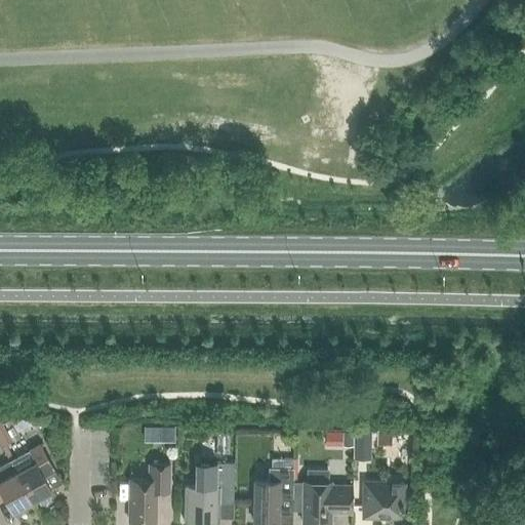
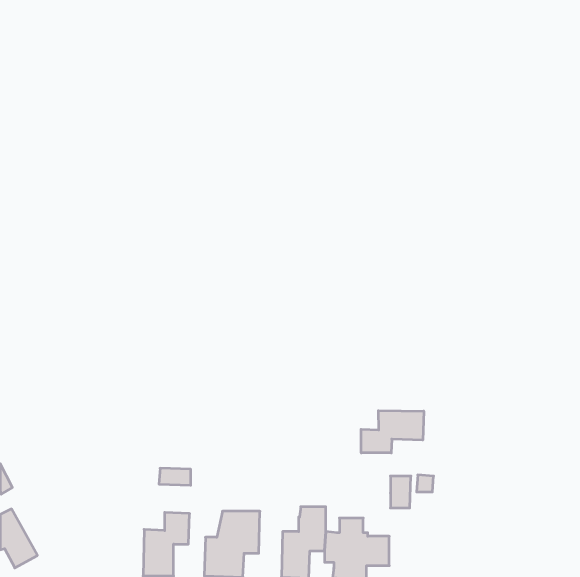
building: none -> [361,411,424,453]
building: [10,446,54,504] -> none
building: [364,484,405,519] -> none

